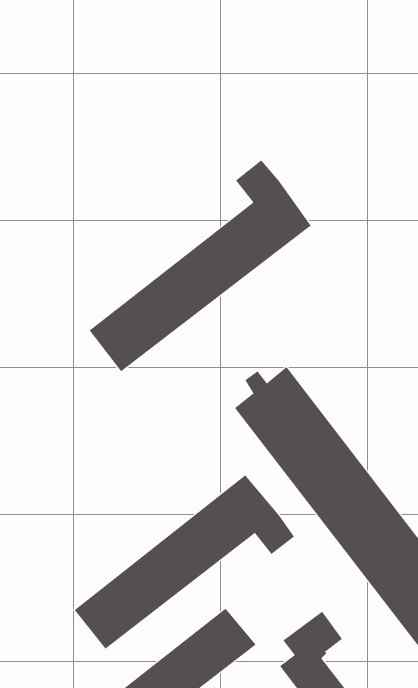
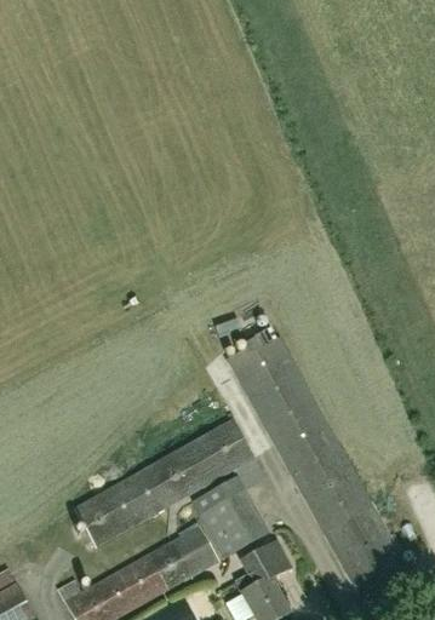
building: [89,160,312,372] -> none
building: none -> [191,476,267,557]

